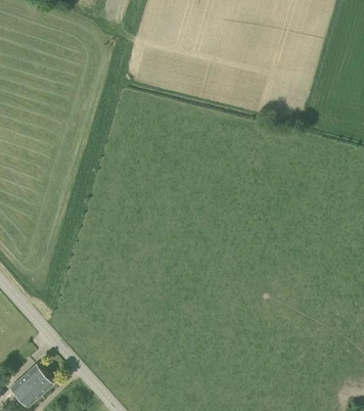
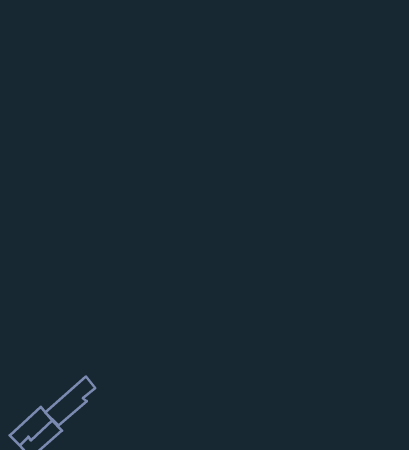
building: none -> [45,377,95,425]

